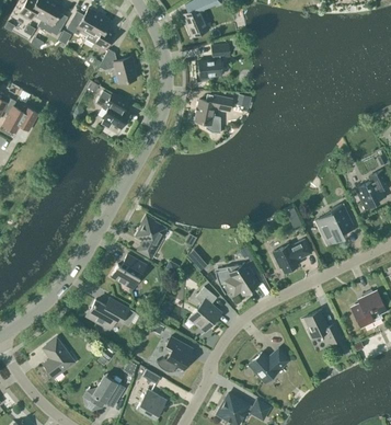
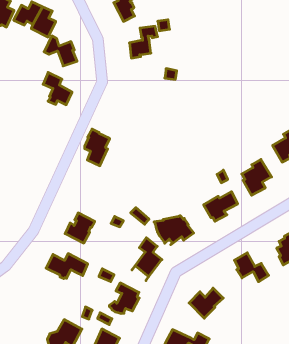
building: [194,96,231,134] -> none
building: [136,216,165,259] -> [85,129,110,166]
building: [43,338,73,378] -> none

